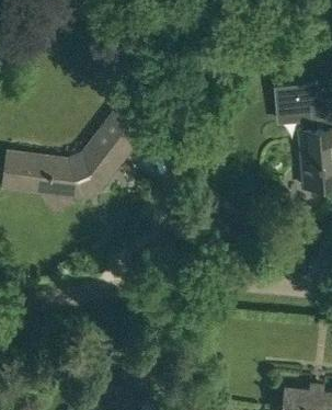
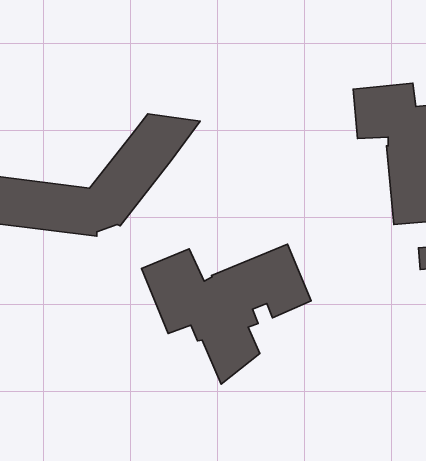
building: none -> [142,244,311,384]

